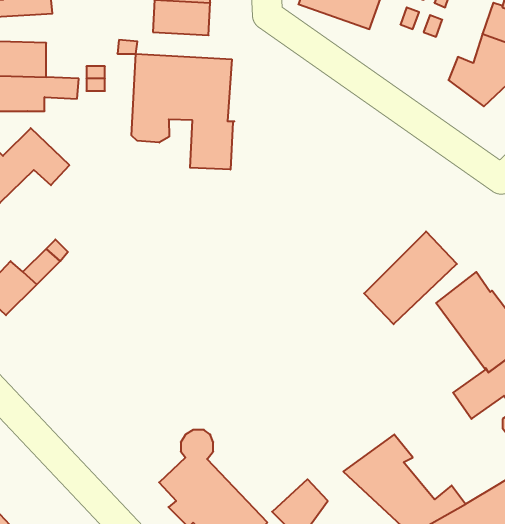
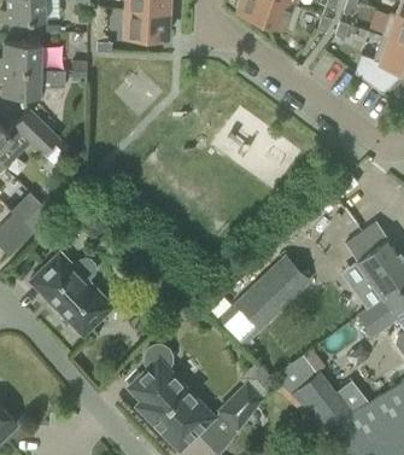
building: [131,54,234,170] -> none
building: [364,231,457,324] -> [238,257,310,329]
building: none -> [30,252,113,337]

